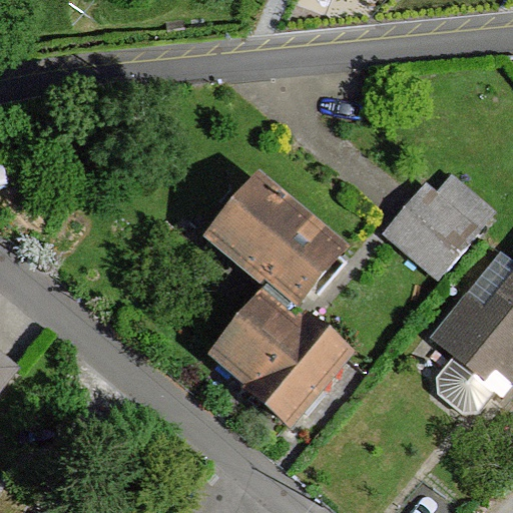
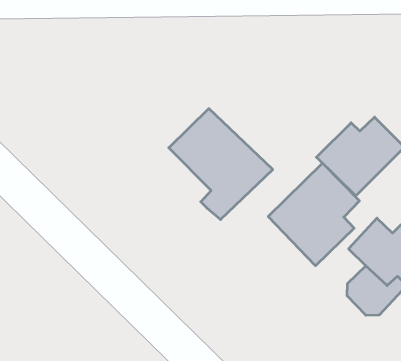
building: none -> [268,163,359,266]
building: [220,302,344,419] -> none

